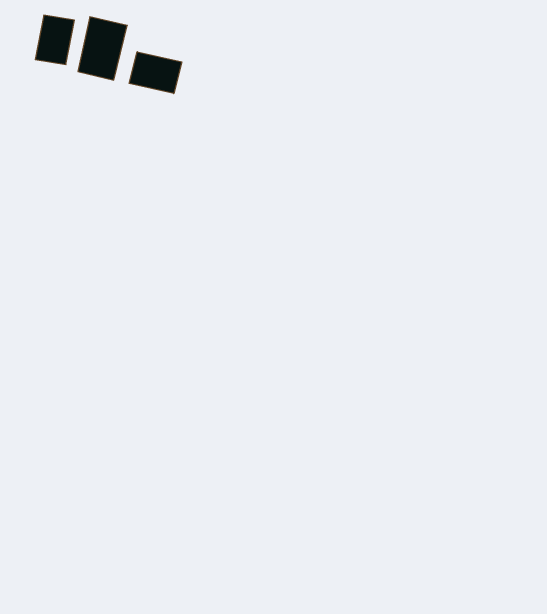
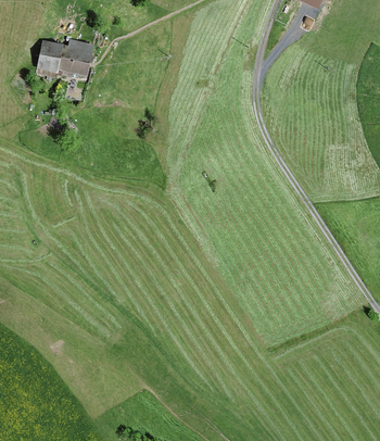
building: [129,52,182,94] -> none

